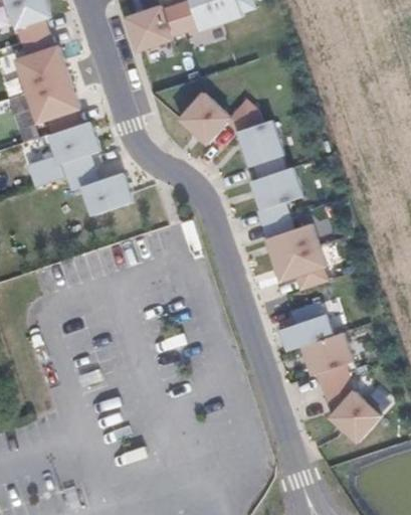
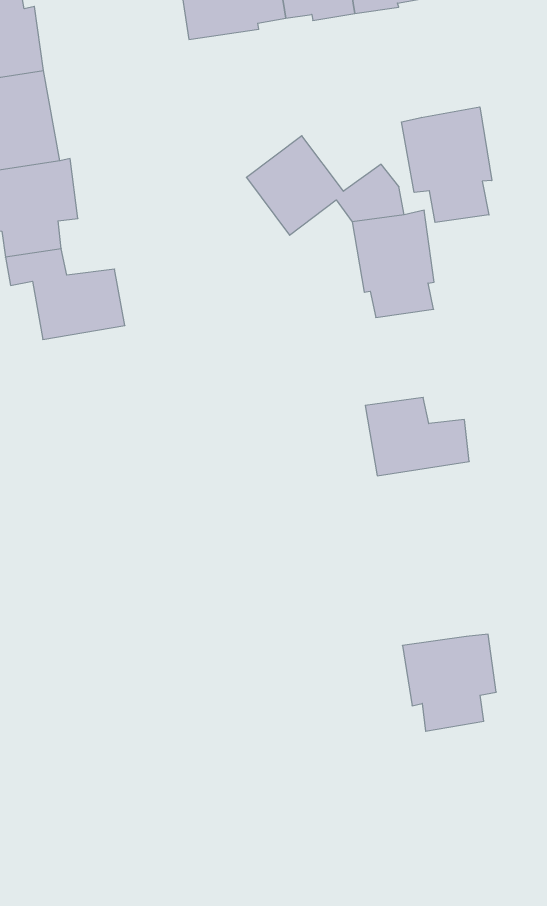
building: none -> [402,107,492,222]
building: [251,166,303,224] -> none
building: [272,244,327,290] -> none
building: [278,302,332,350] -> none
building: [319,377,380,443] -> none

